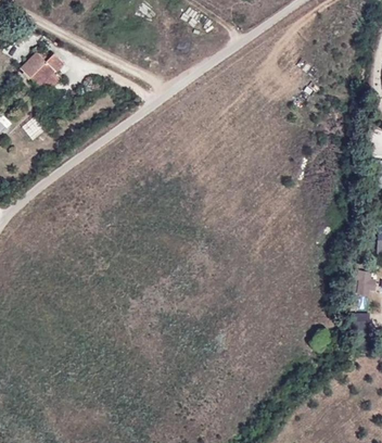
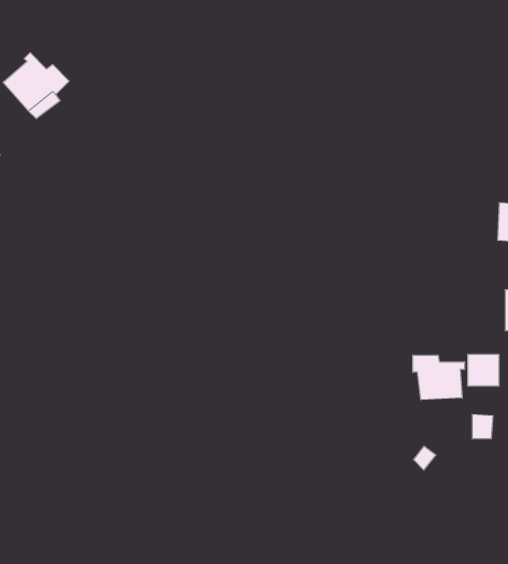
building: none -> [413,355,465,400]

